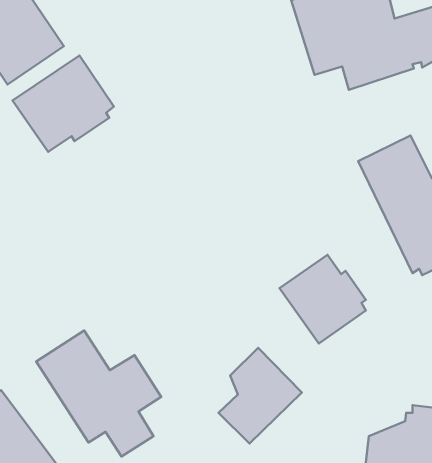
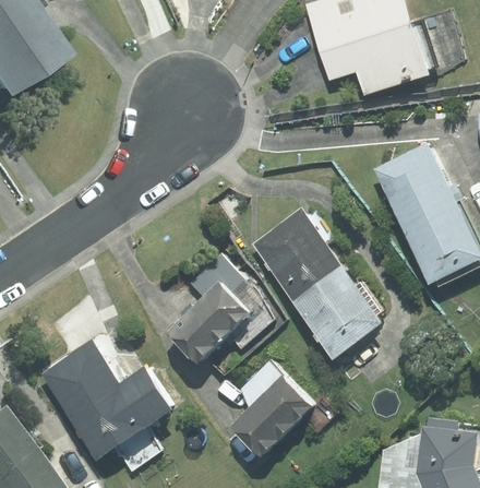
building: [13,56,114,152] -> none
building: none -> [251,209,340,299]
building: none -> [167,253,273,367]

